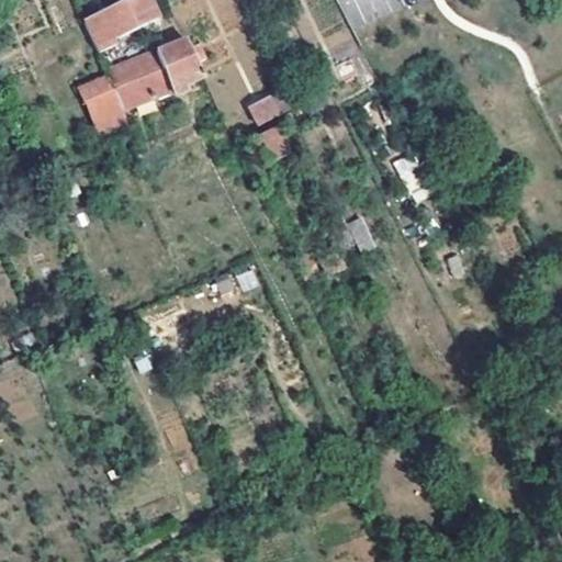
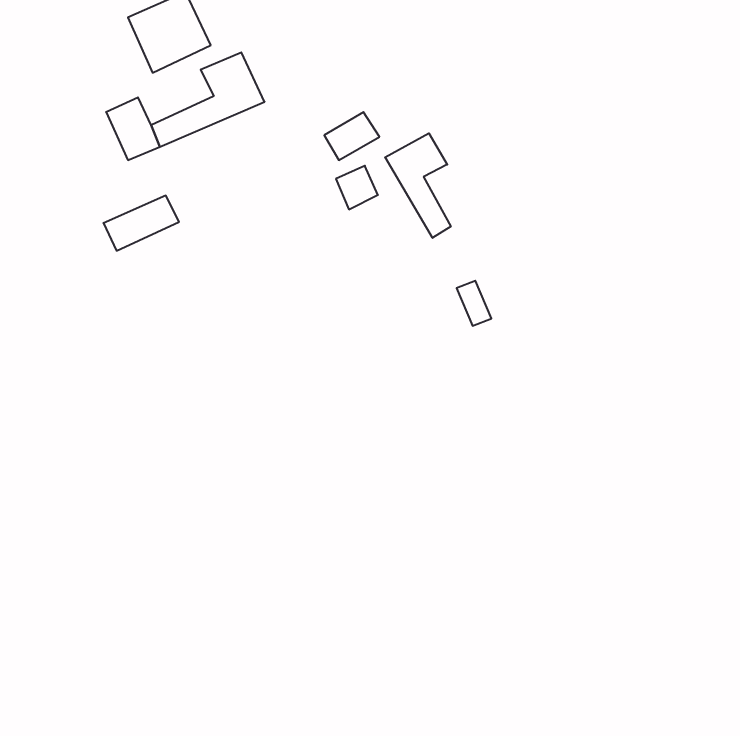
building: [104,53,161,94] -> [103,196,179,251]
building: none -> [385,133,451,238]

